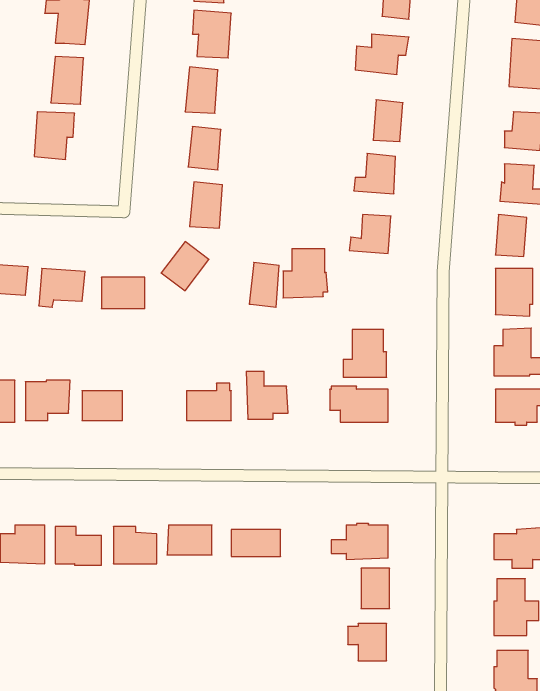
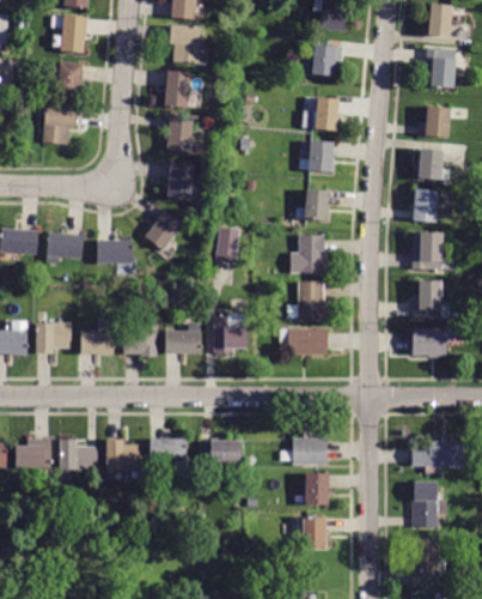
building: [283,249,328,298] -> [291,235,327,274]
building: none -> [123,325,158,357]

